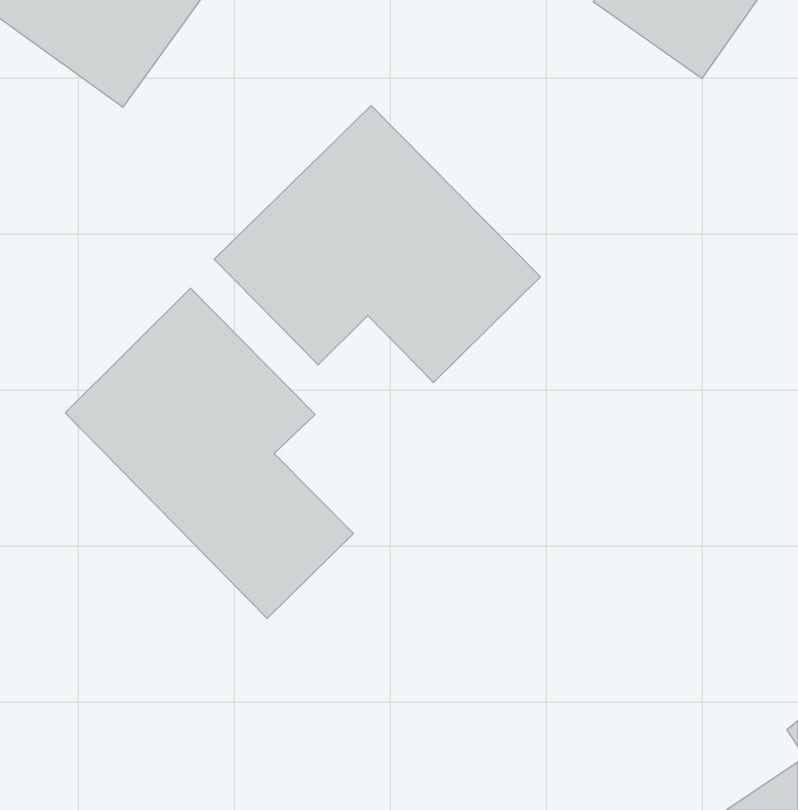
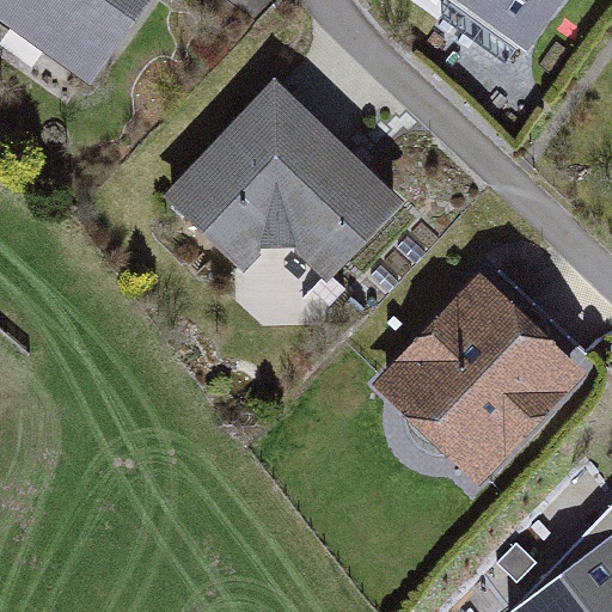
building: [65,288,353,619] -> none
building: none -> [371,273,587,488]

